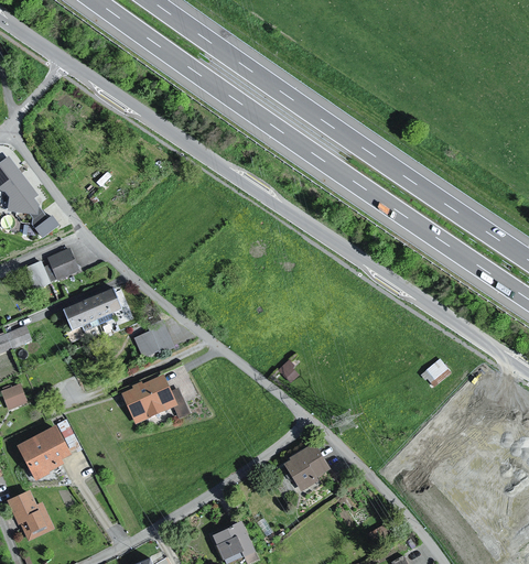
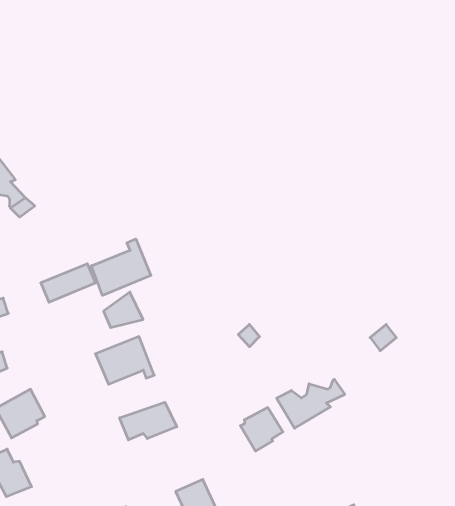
building: [44,248,80,281] -> none
building: none -> [91,239,151,295]
building: none -> [277,379,345,428]
building: none -> [120,402,177,440]

